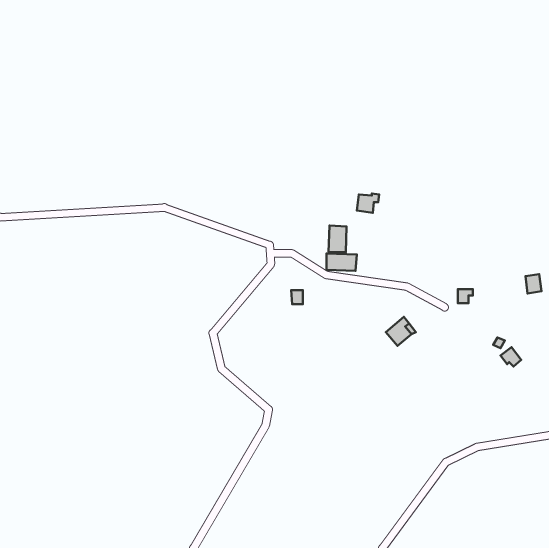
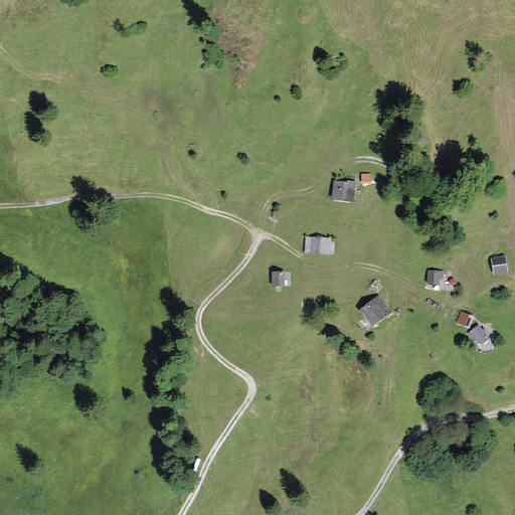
building: [329,226,347,252] -> none

